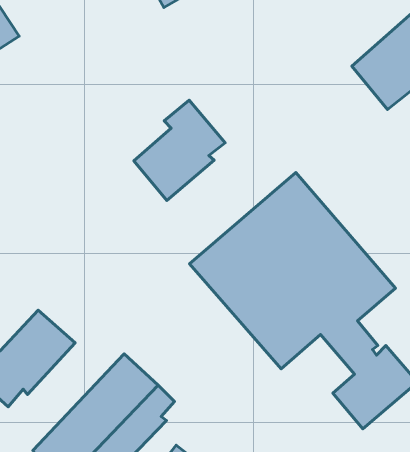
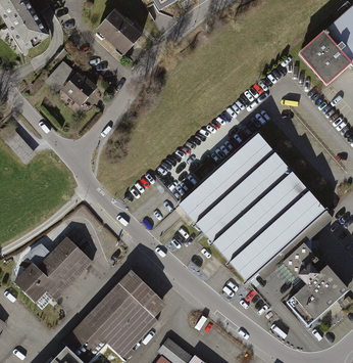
building: none -> [97,10,142,54]
building: none -> [45,59,96,104]
building: [134,100,225,201] -> none

